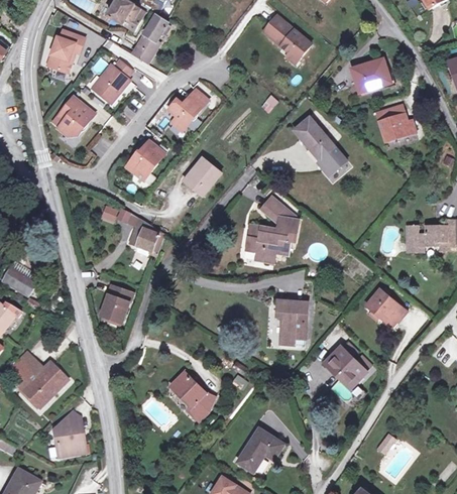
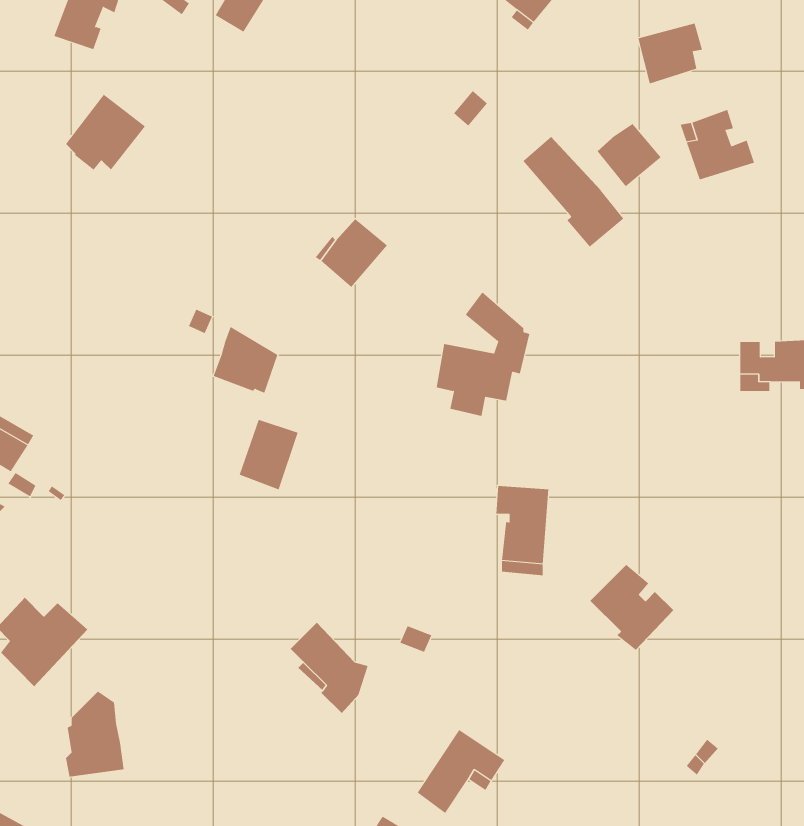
building: [94,58,132,102] -> none
building: [168,88,207,128] -> none
building: none -> [597,123,661,187]
building: [126,139,165,179] -> none
building: [100,284,131,322] -> [239,419,299,490]
building: [367,289,408,327] -> none

